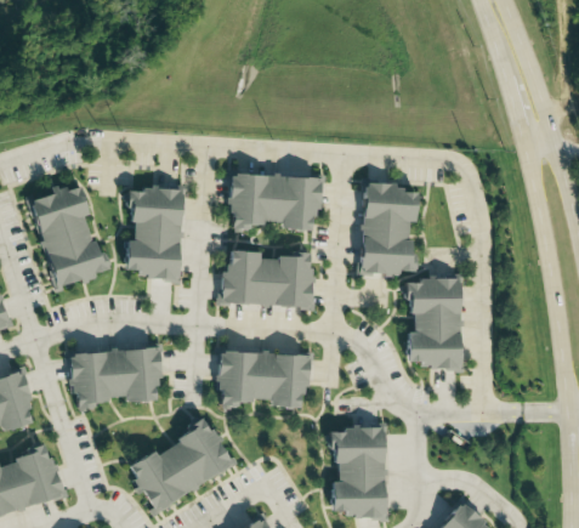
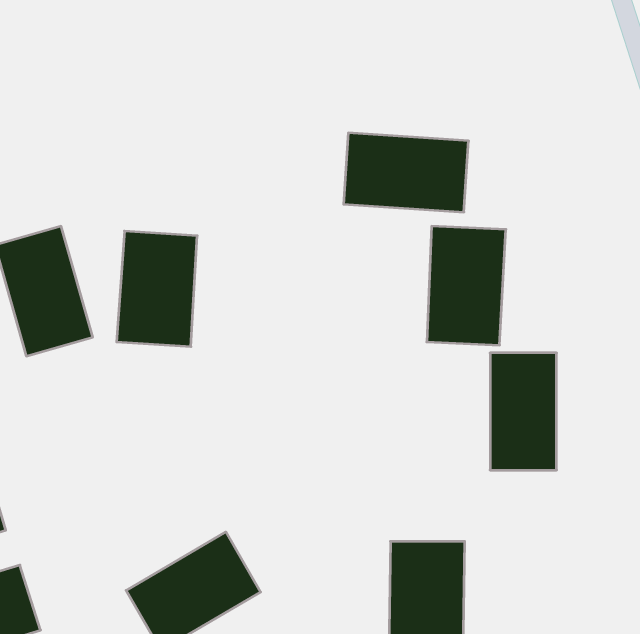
building: [227,172,323,233] -> [344,133,469,212]
building: [222,250,317,311] -> none
building: [73,348,160,404] -> none
building: [217,348,311,408] -> none

